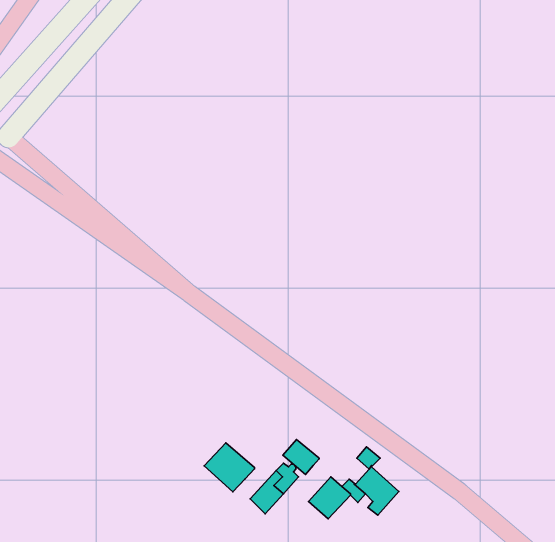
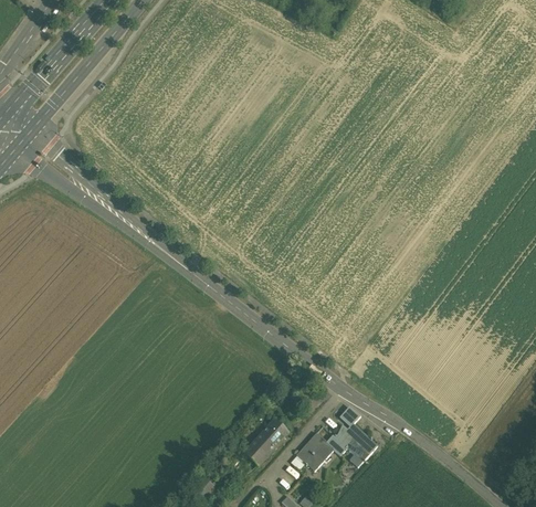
building: [283,440,319,474] -> none
building: [204,443,255,492] -> none

